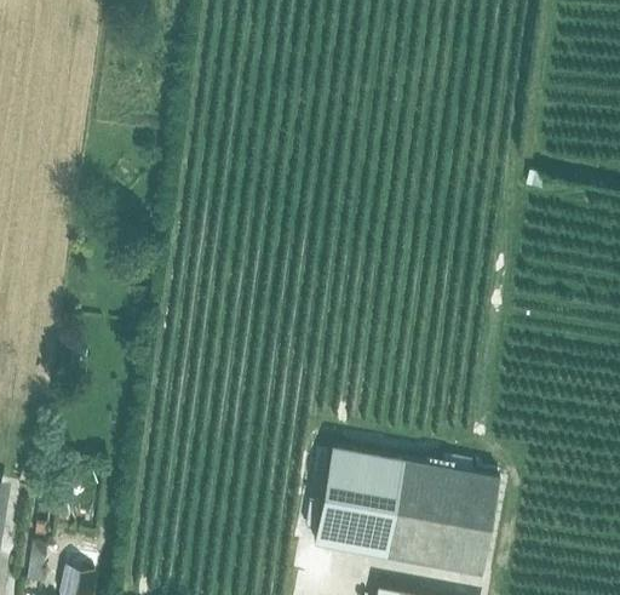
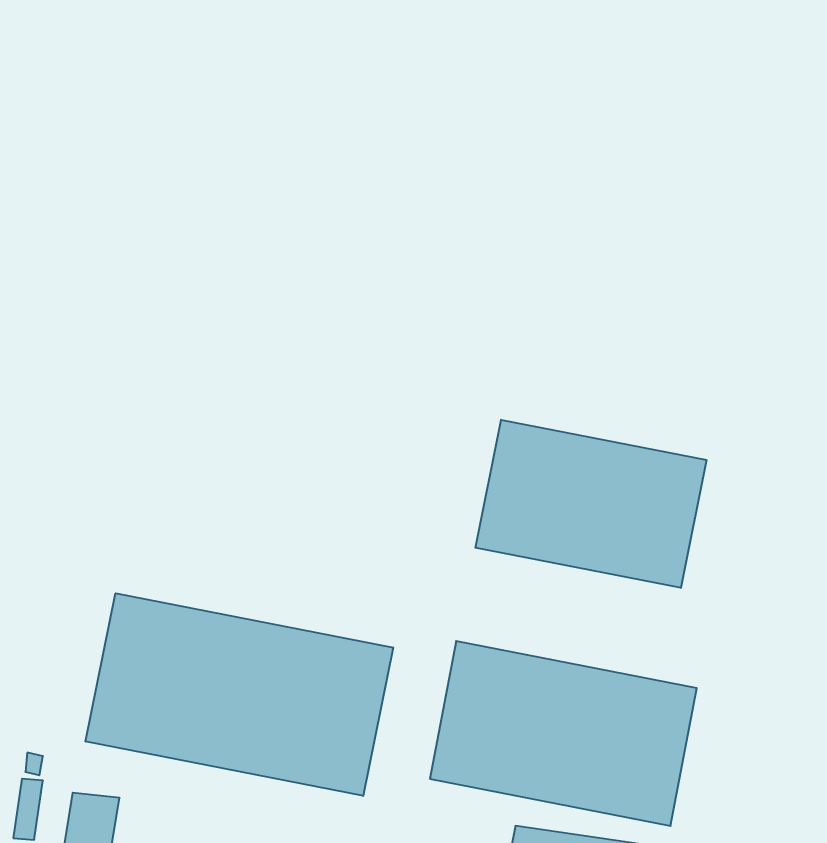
building: none -> [475,420,707,588]
building: none -> [86,593,393,796]

